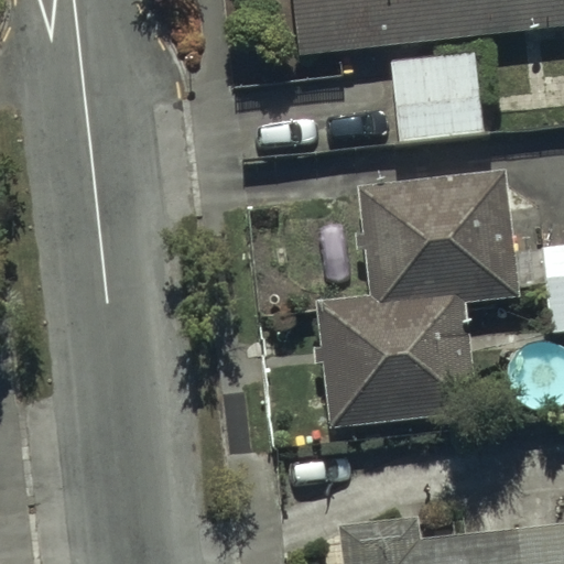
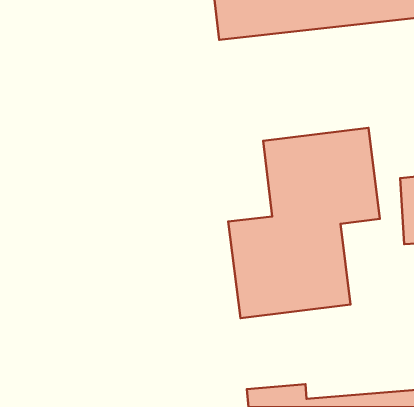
building: [394,50,491,144] -> none

